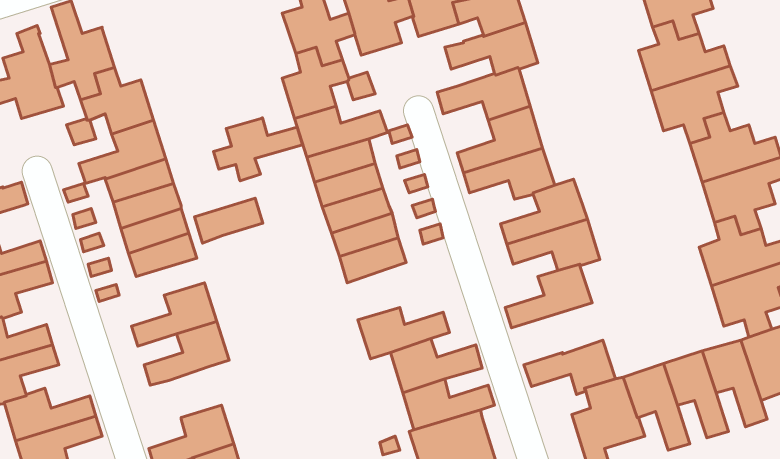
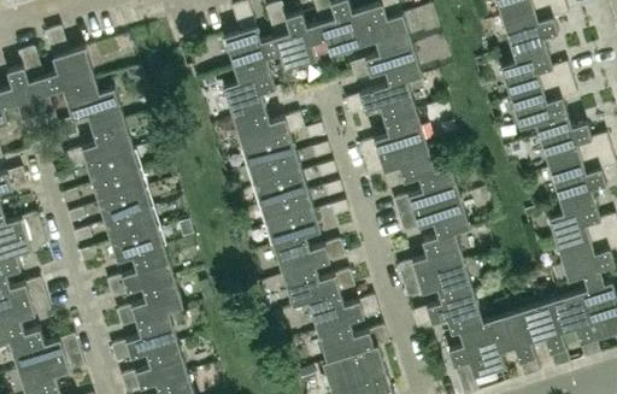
building: [214,118,302,181] -> none
building: [195,198,263,243] -> [110,228,163,263]
building: none -> [274,236,345,276]
building: none -> [401,263,472,302]
building: none -> [110,312,176,361]

